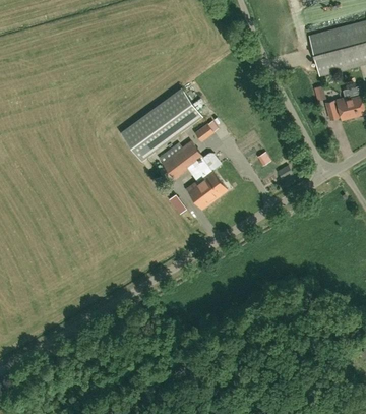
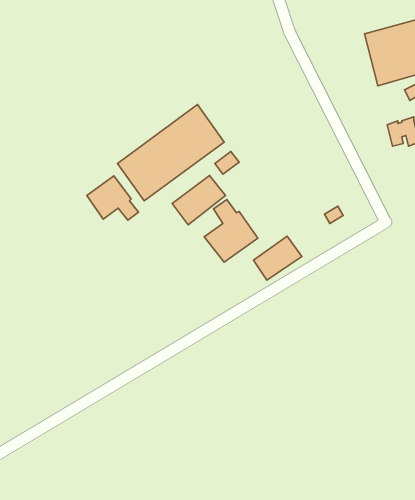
building: none -> [87,176,138,220]
building: none -> [253,236,302,280]

